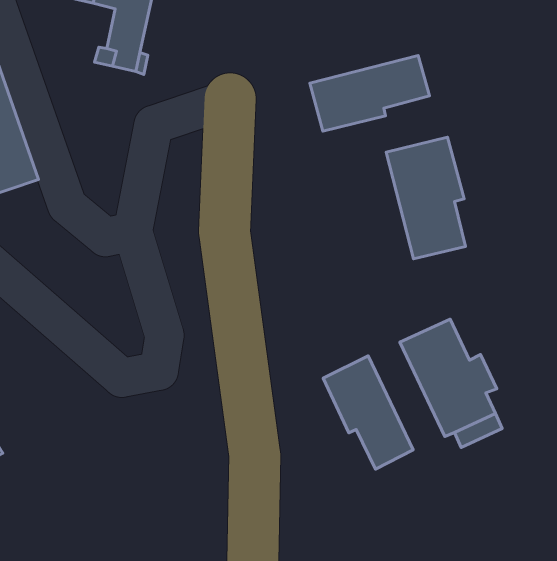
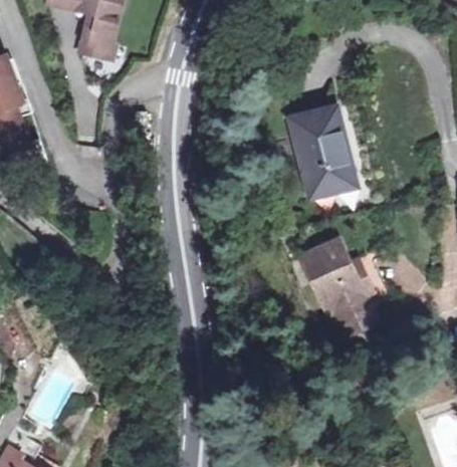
building: [310,55,430,131] -> none
building: [323,356,413,469] -> none

